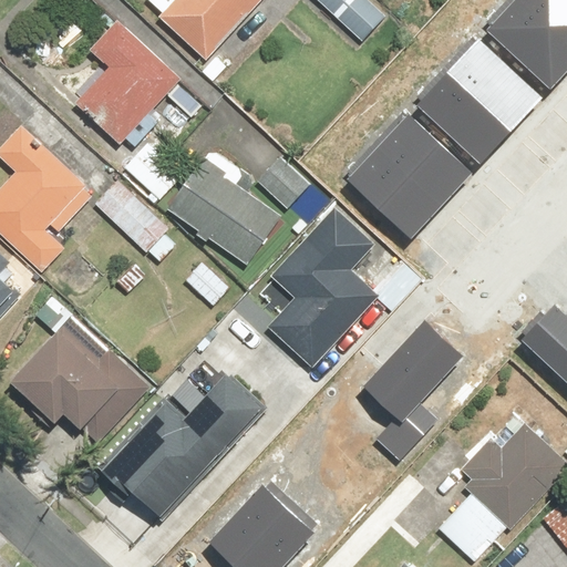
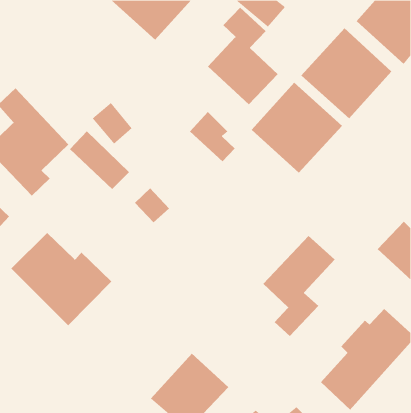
building: none -> [207,7,278,105]
building: [74,14,183,150] -> none
building: [169,148,285,267] -> none
building: [266,205,422,372] -> none
building: [111,368,268,512] -> none

